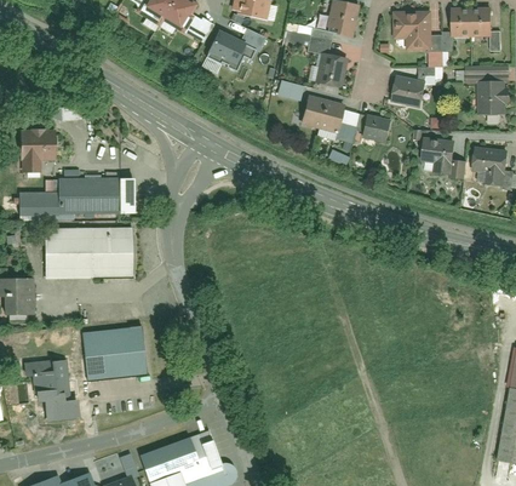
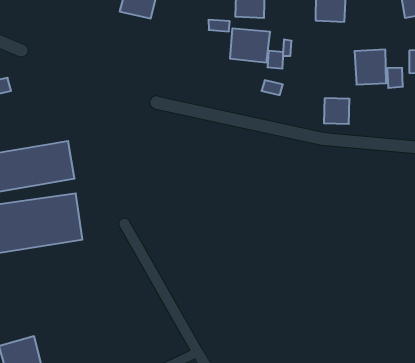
building: [363,114,392,143] -> [324,98,350,124]
building: [80,326,148,379] -> none

